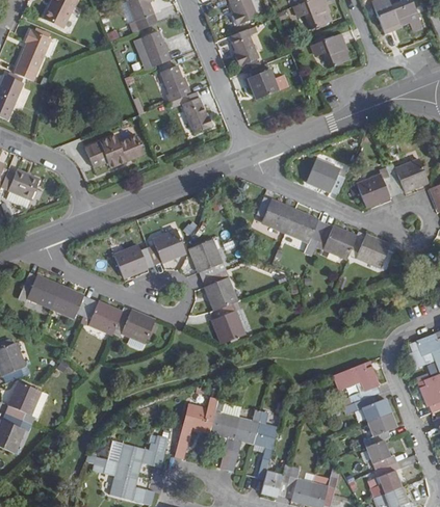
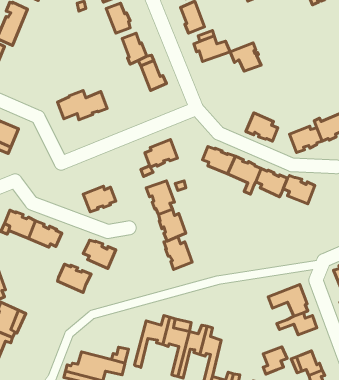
building: [312,33,348,66] -> [230,43,261,71]
building: [148,231,186,263] -> [145,140,178,167]
building: [82,300,122,333] -> [58,264,91,293]
building: [368,411,396,444] -> [263,347,287,374]

